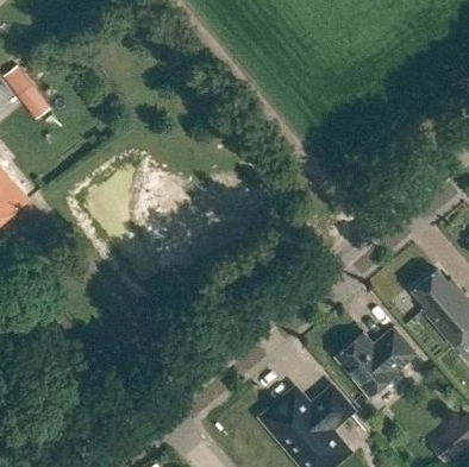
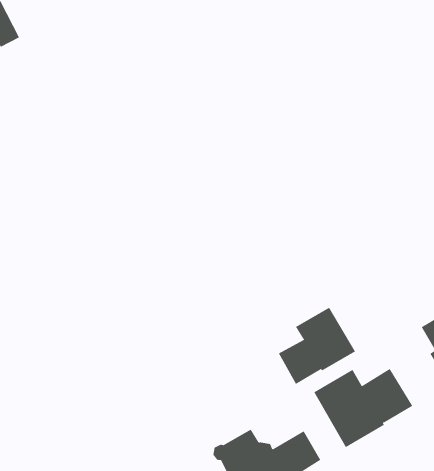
building: none -> [278,307,356,385]

